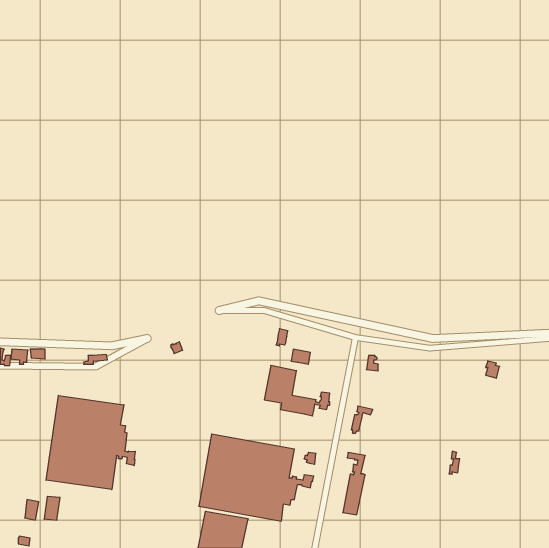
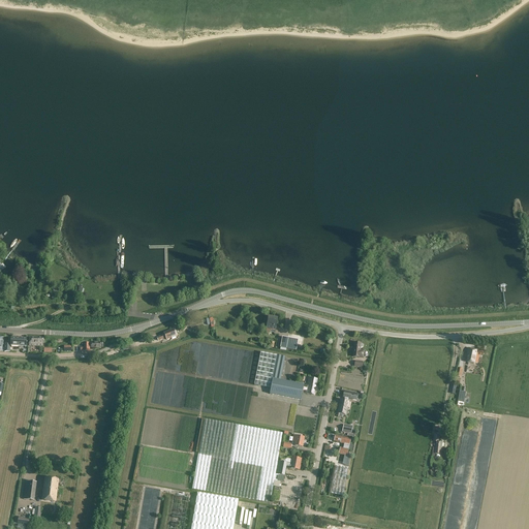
building: [46,395,135,490] -> none

